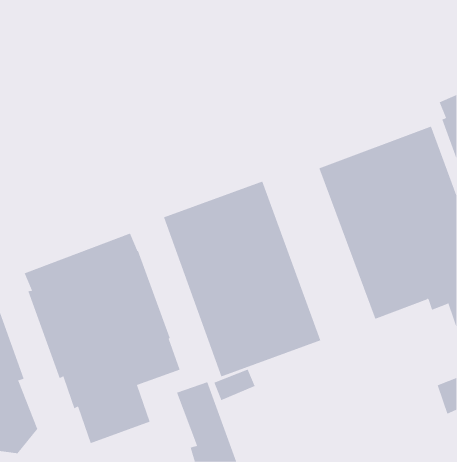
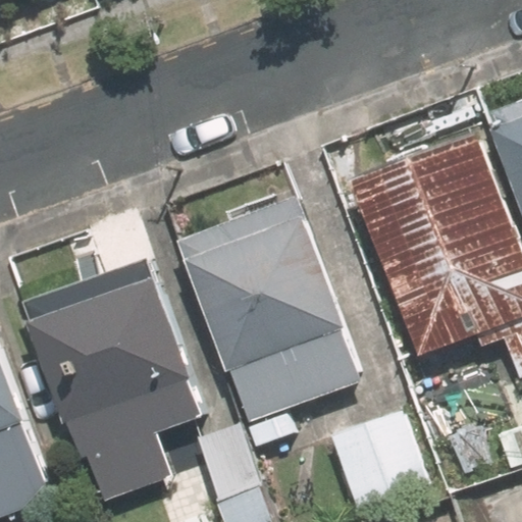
building: none -> [330,409,426,510]

